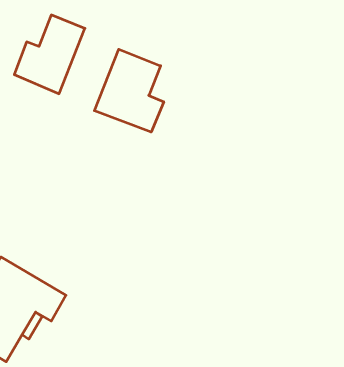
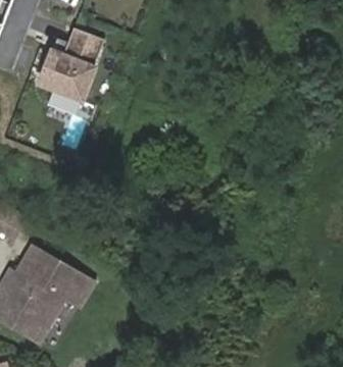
building: [94,49,164,132] -> none

